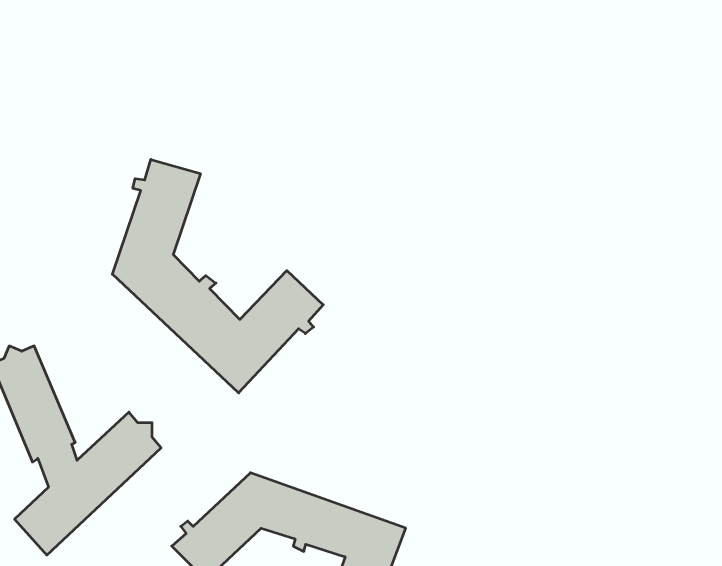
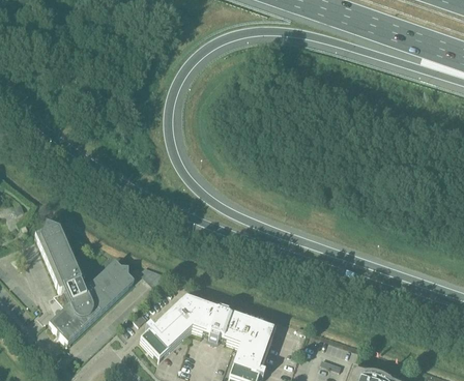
building: [112,159,323,393] -> none

